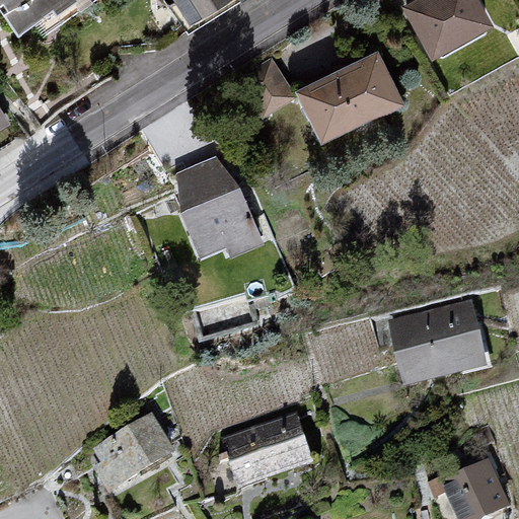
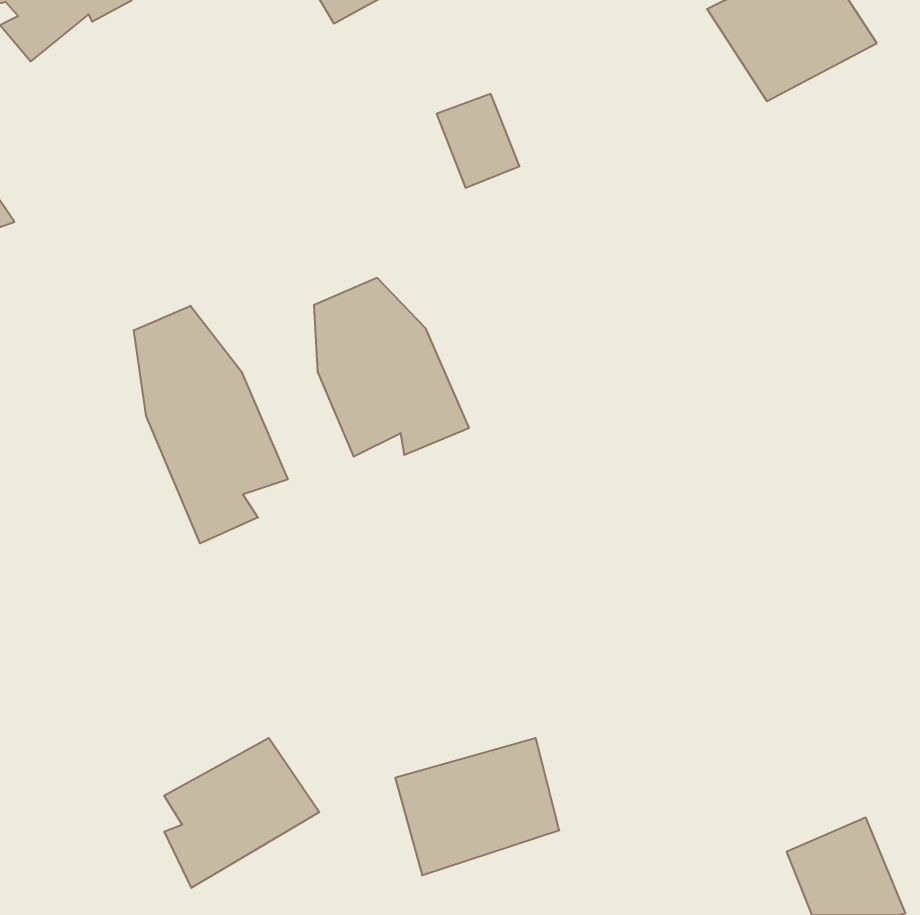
building: [293,49,402,144] -> none
building: none -> [134,306,288,543]
building: [387,299,493,391] -> none

